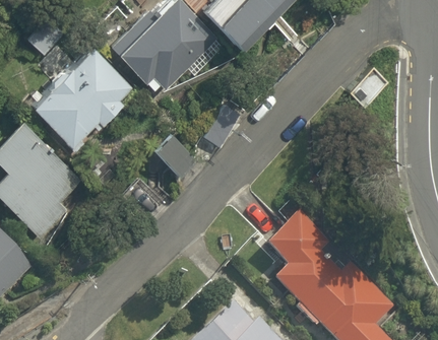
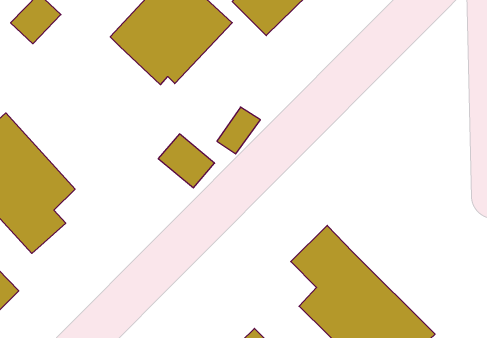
building: [30,44,137,152] -> none

